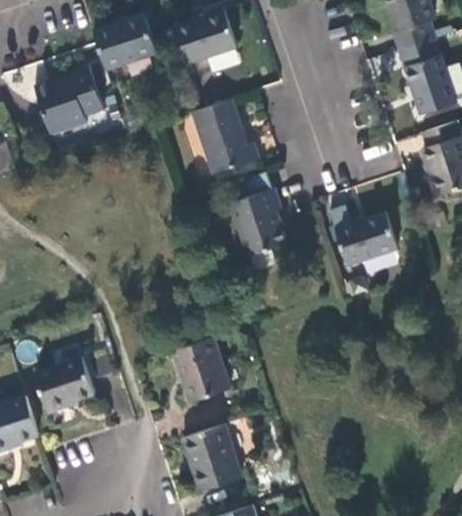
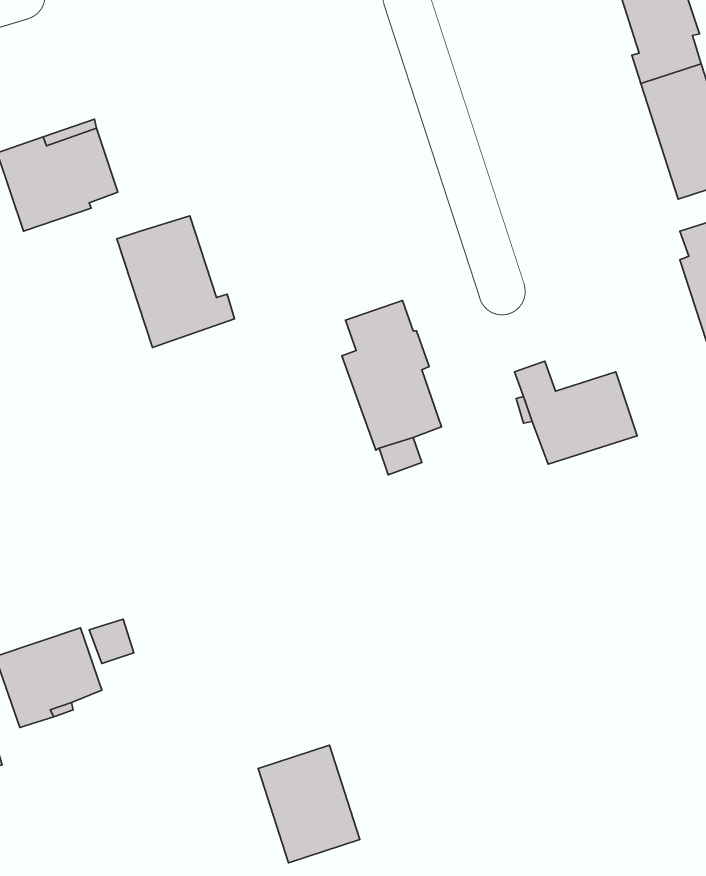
building: [176,11,236,63] -> none
building: [93,13,156,71] -> none
building: [191,100,257,174] -> [117,216,234,347]
building: [171,337,229,403] -> none

